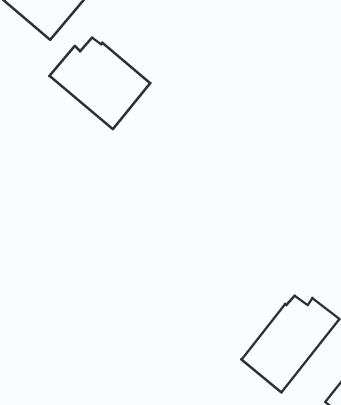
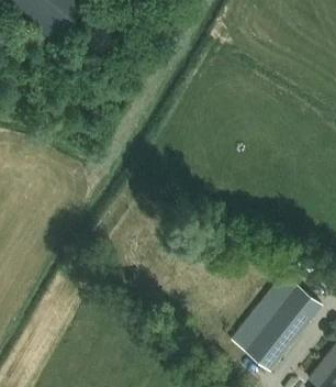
building: [49,38,150,129] -> none

